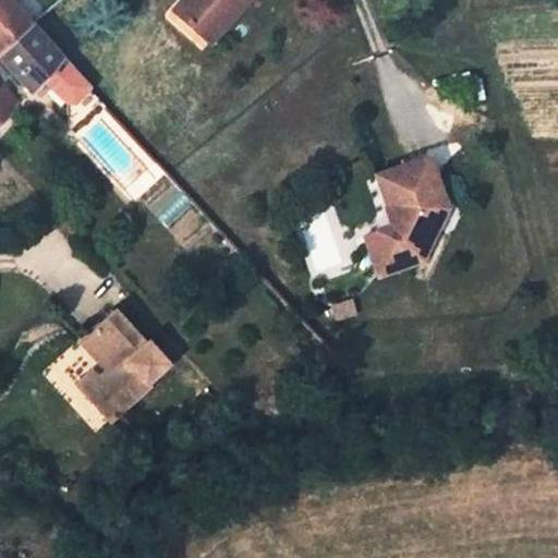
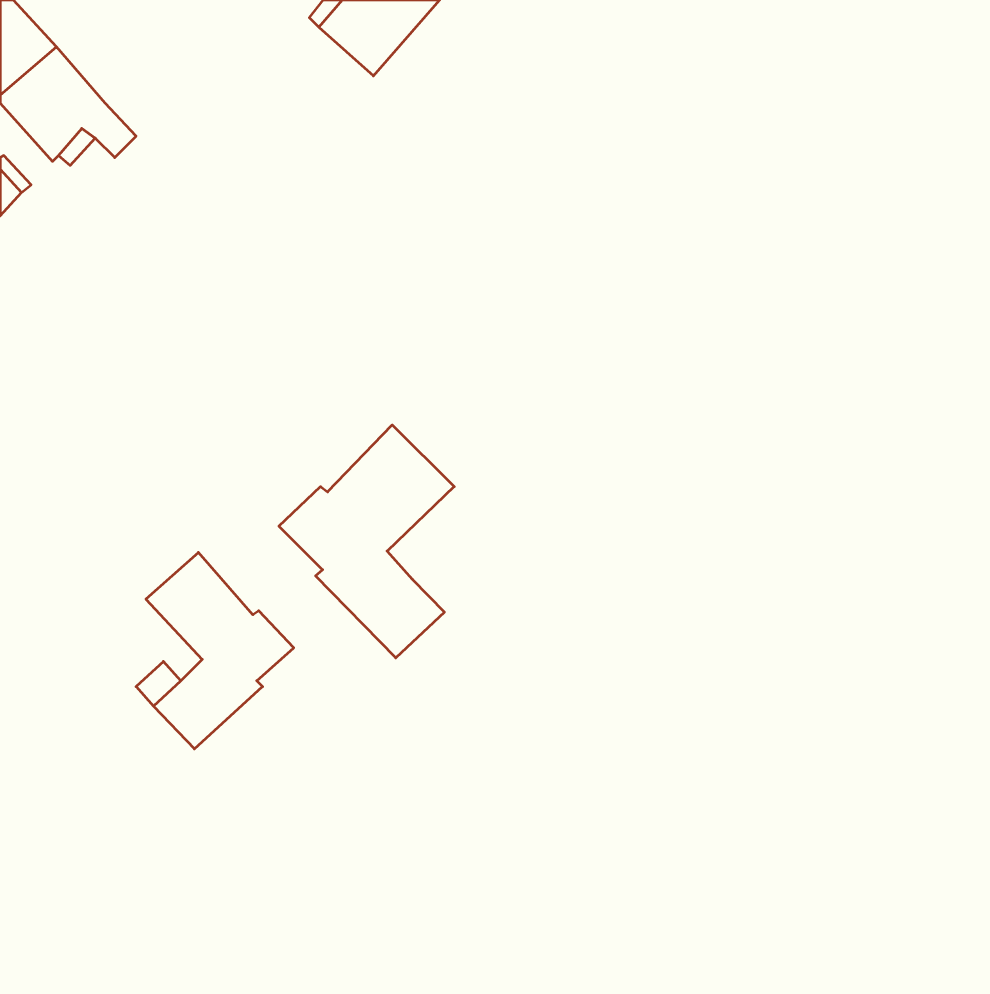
building: [363,162,439,270] -> none
building: none -> [279,425,454,658]

